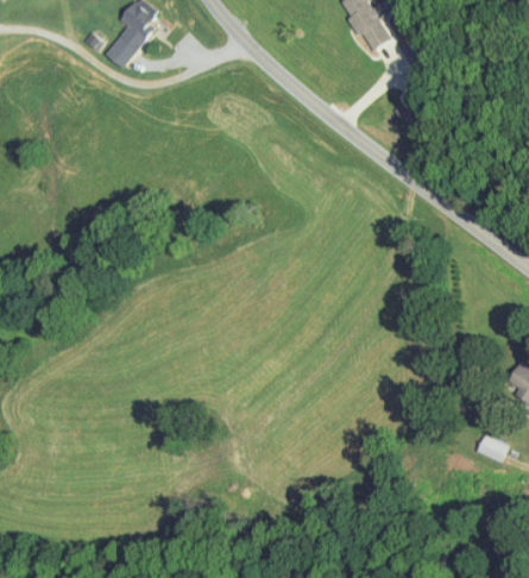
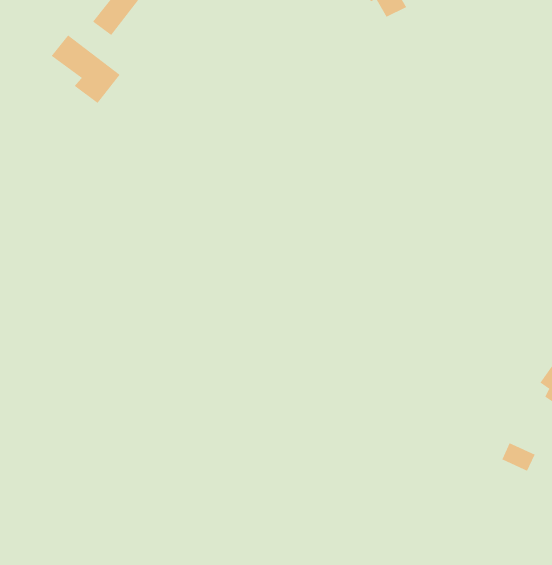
building: none -> [51,34,120,104]

